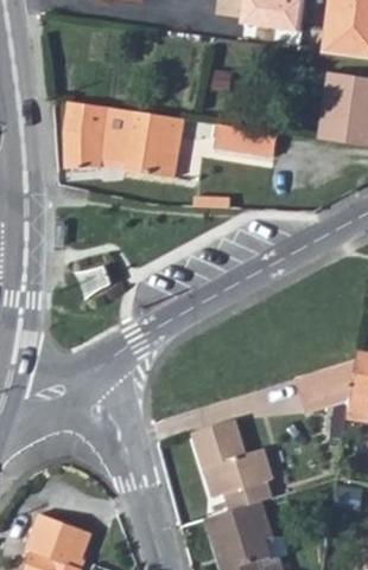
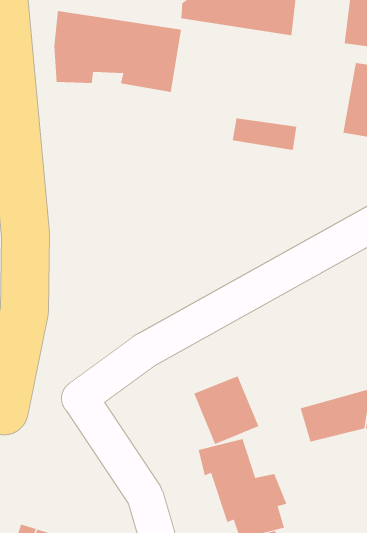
building: [65,94,186,171] -> [53,11,182,92]
building: none -> [193,376,259,445]

